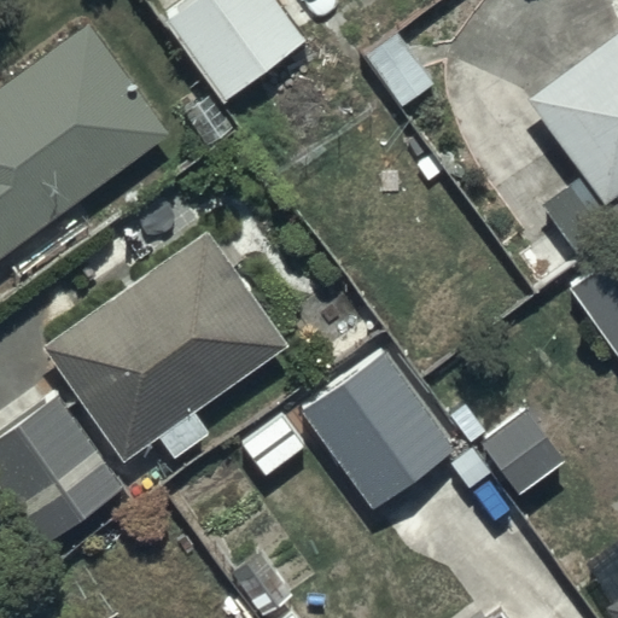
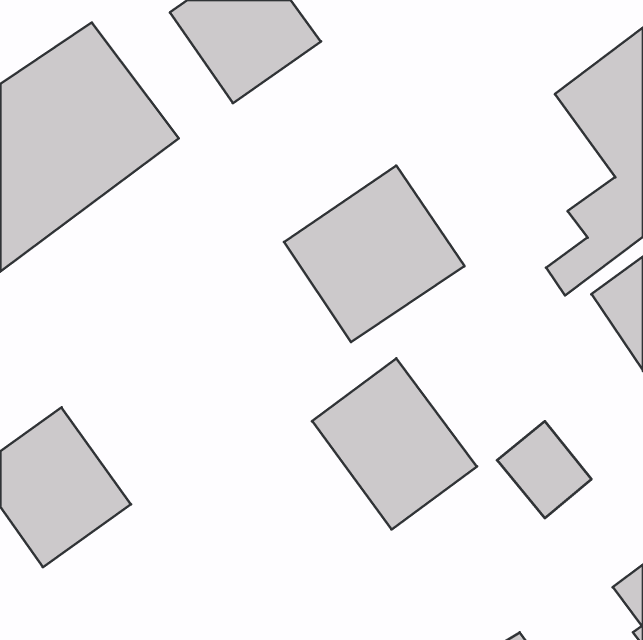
building: none -> [284,166,464,342]
building: [43,232,291,464] -> none

